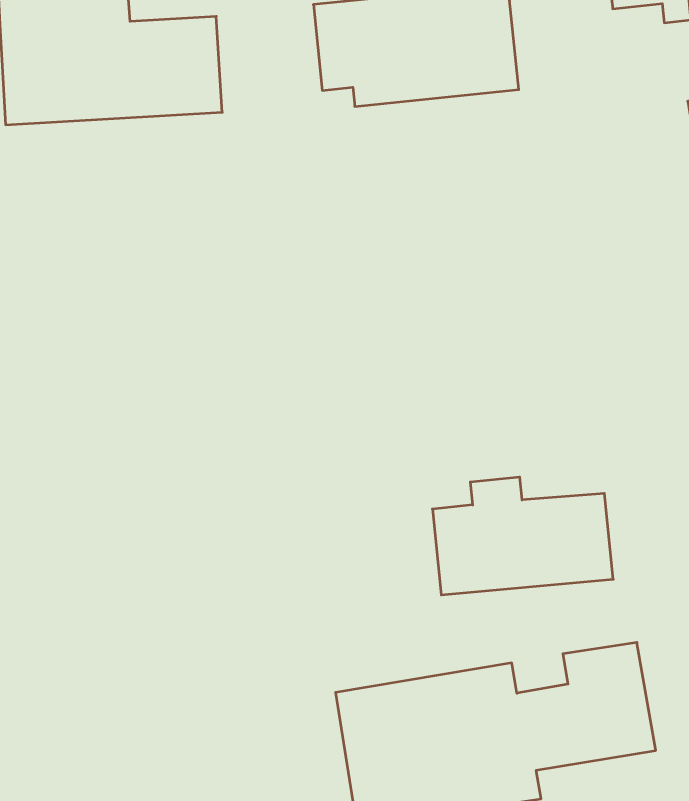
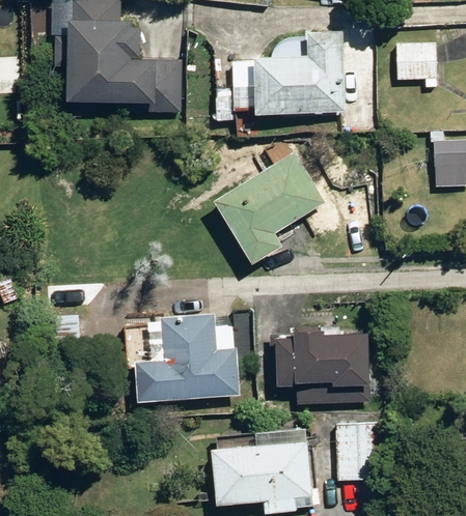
building: none -> [210,153,325,267]
building: none -> [129,319,238,403]

